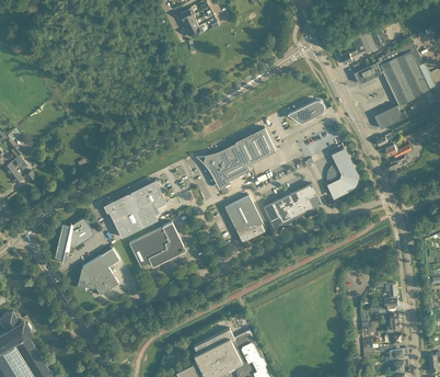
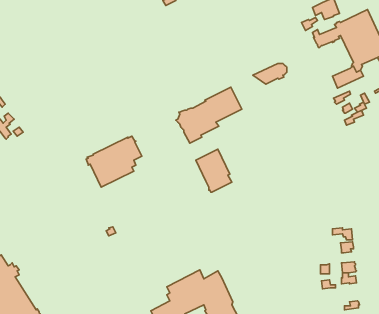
building: [326,147,357,197] -> none
building: [264,183,321,227] -> none
building: [54,217,93,263] -> none
building: [128,221,185,266] -> none
building: [76,248,118,295] -> none

